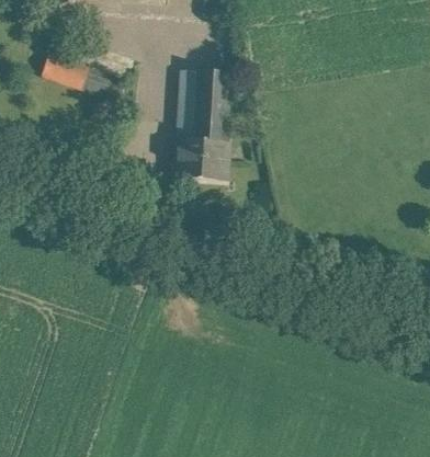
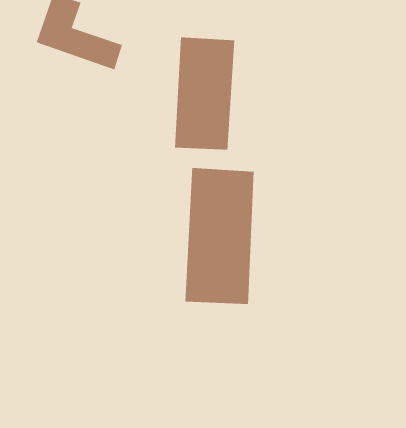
building: none -> [185,167,254,305]

